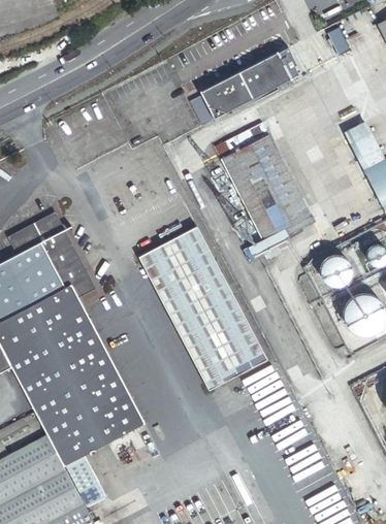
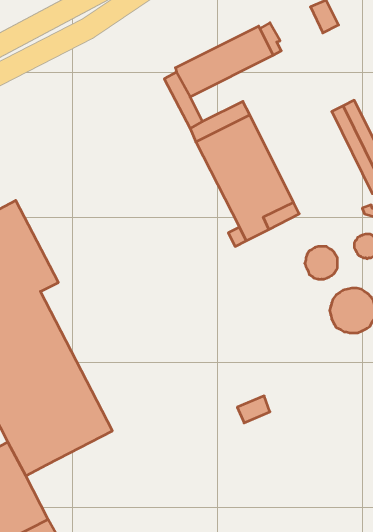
building: [137,224,266,389] -> none
building: [64,455,104,505] -> none

